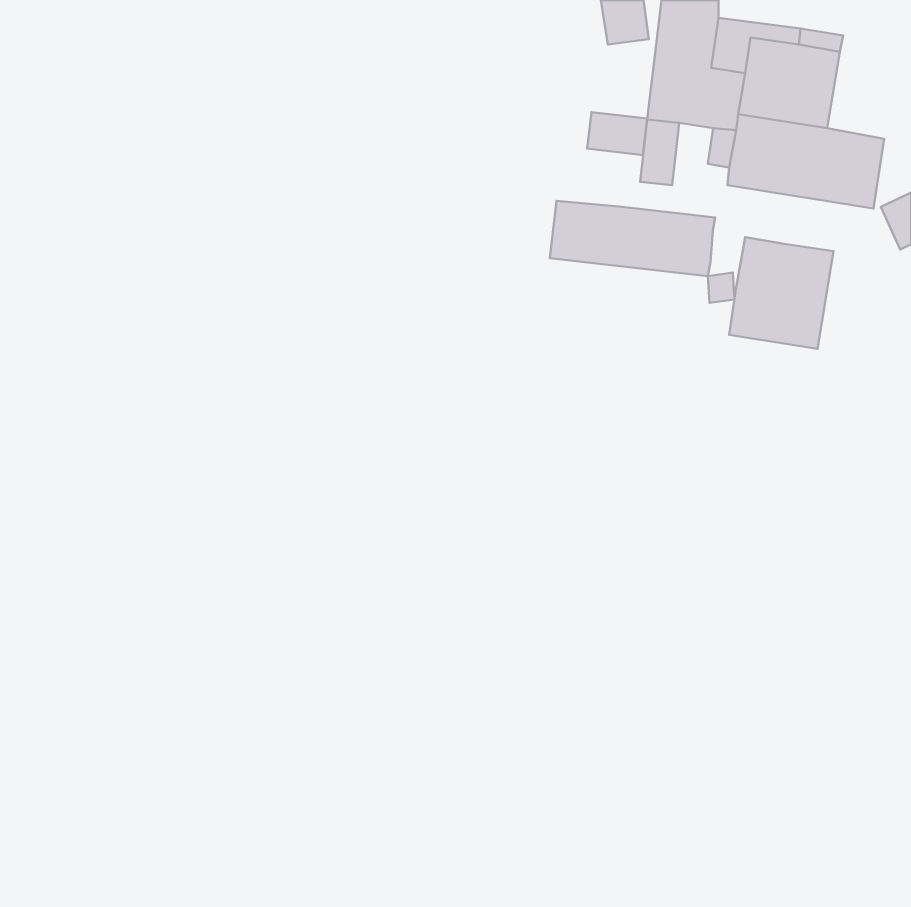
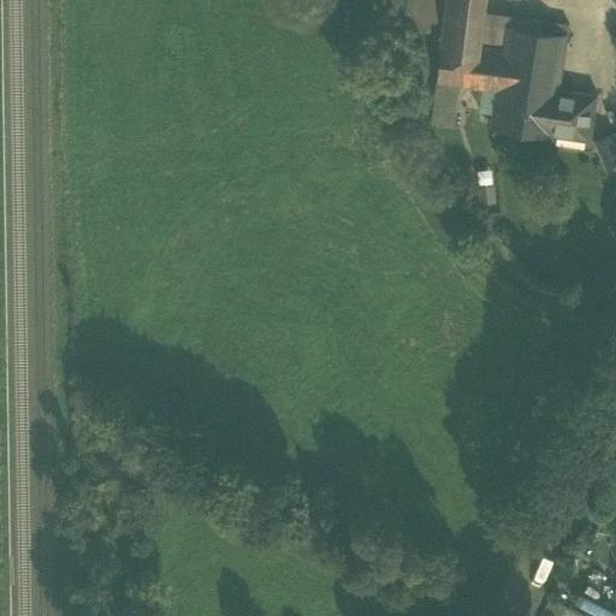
building: [587,112,647,155] -> none
building: [550,201,715,276] -> none
building: [729,237,833,349] -> none

